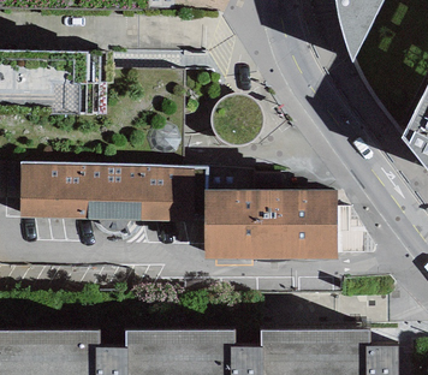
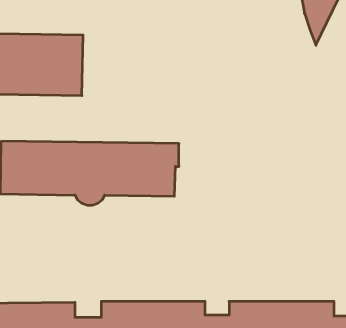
building: [203,188,338,258] -> none

